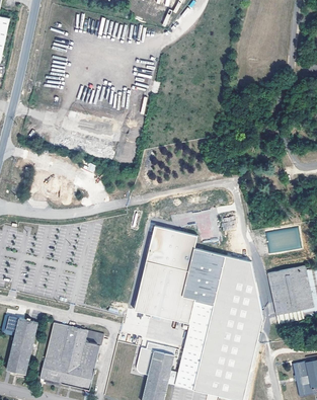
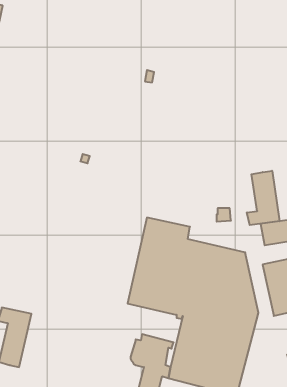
building: none -> [247,171,280,225]
building: [38,321,103,389] -> none

